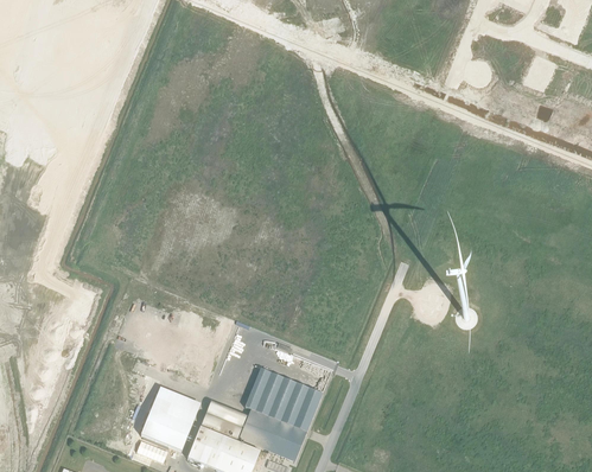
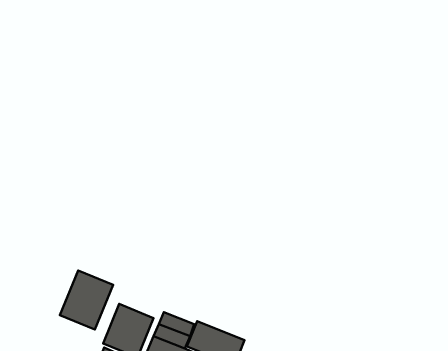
building: none -> [60,271,113,329]
building: [243,366,323,430] -> none

